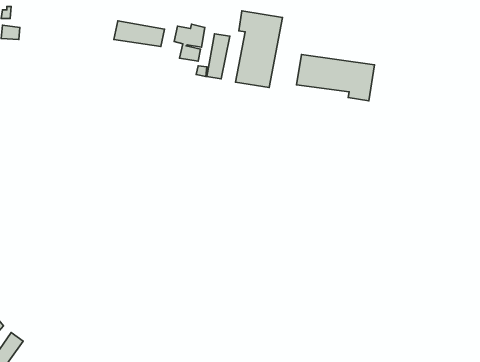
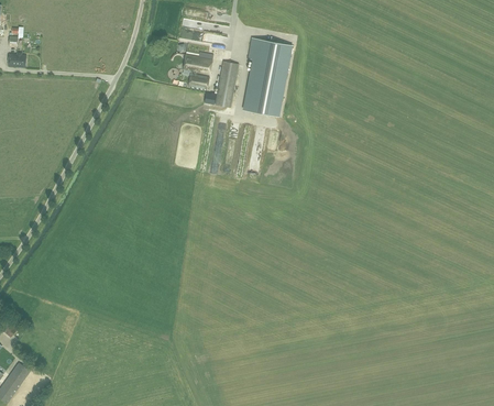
building: [114,21,164,46] -> none
building: [297,55,375,101] -> none

